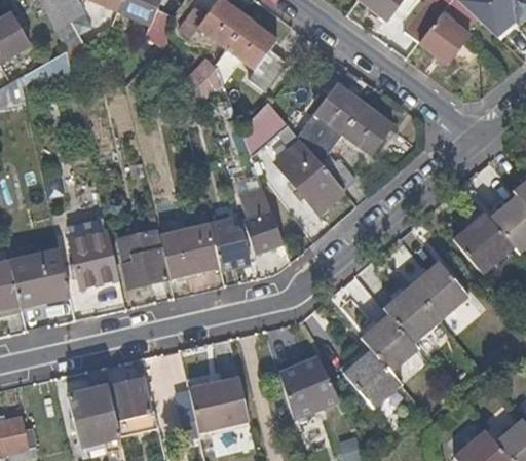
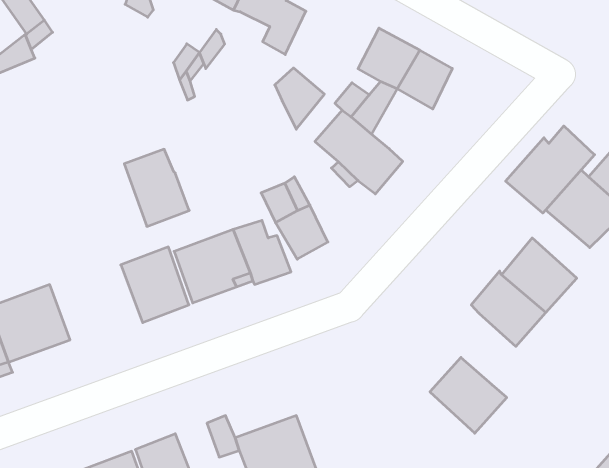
building: none -> [506,126,595,213]
building: [69,229,115,287] -> [124,149,189,226]
building: [364,313,421,371] -> none
building: [277,355,338,417] -> none

